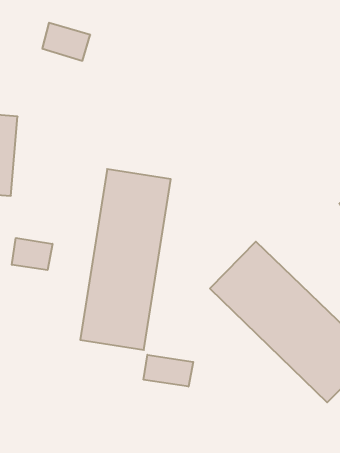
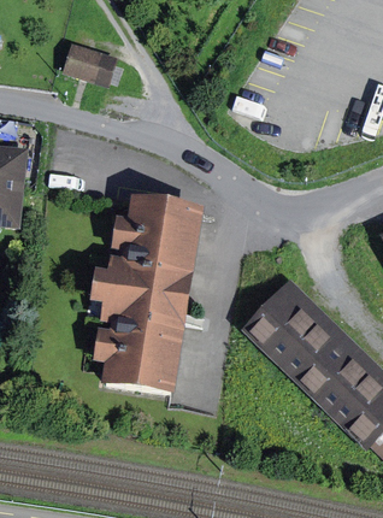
building: [12,238,52,270] -> none
building: [144,355,193,387] -> none

